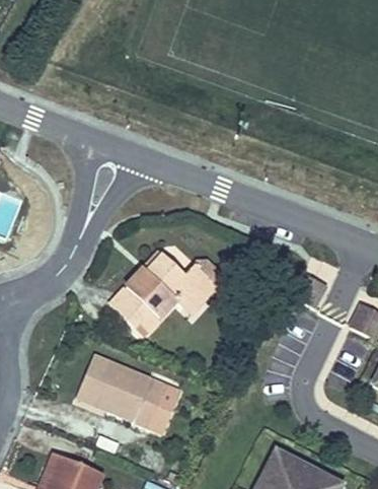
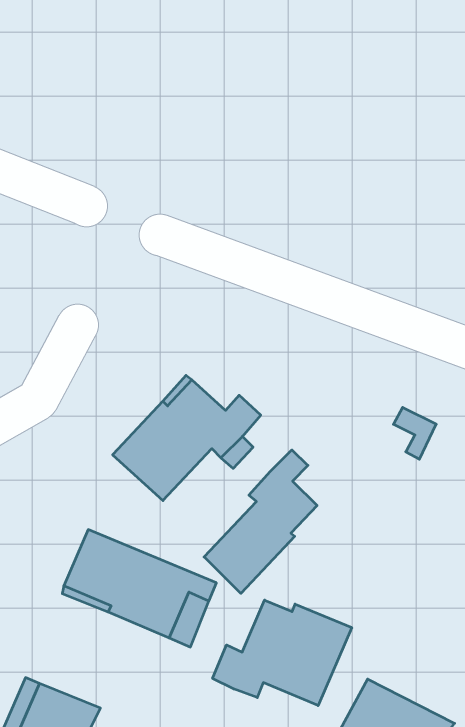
building: none -> [204,450,317,593]
building: none -> [213,600,352,706]

